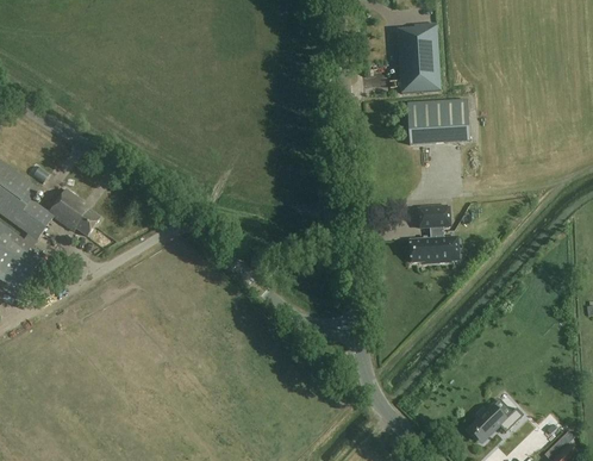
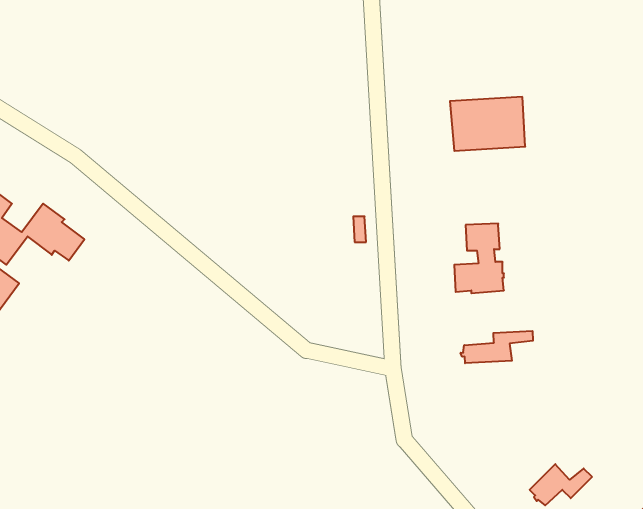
building: [397,21,439,92] -> none
building: none -> [461,331,533,363]

